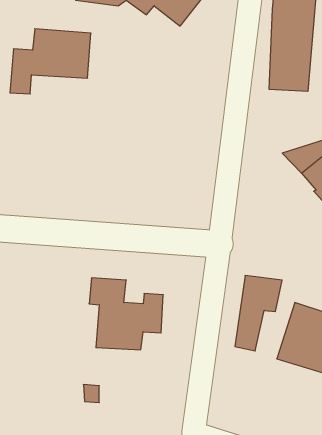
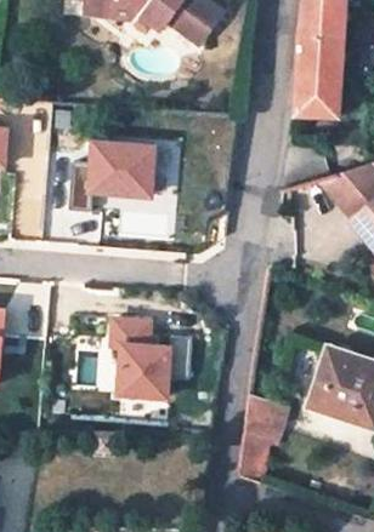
building: [10,29,91,94] -> [61,138,148,208]
building: [235,276,282,351] -> [239,399,290,480]

